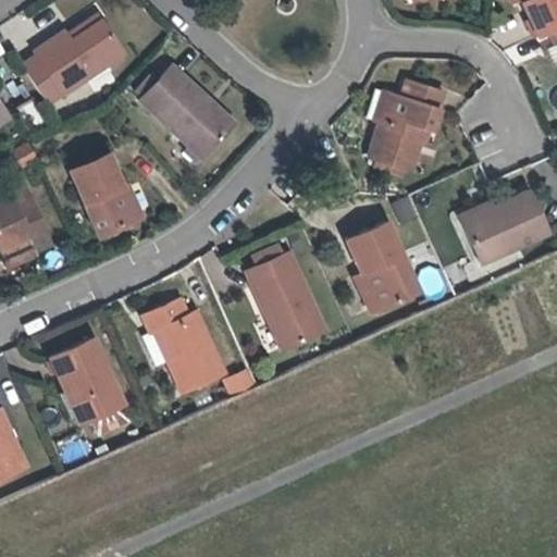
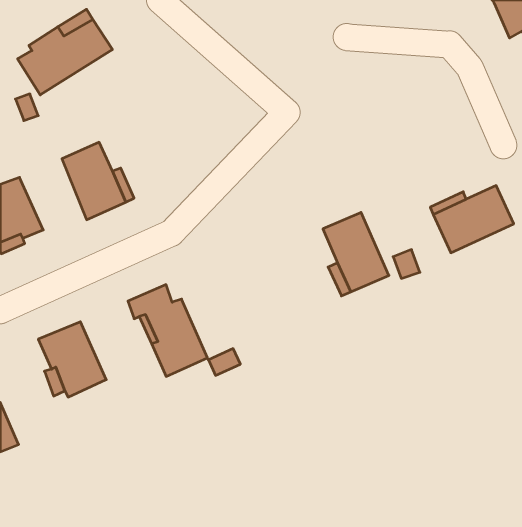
building: [146,65,242,151] -> none
building: [371,81,446,171] -> none
building: [251,256,323,347] -> none

